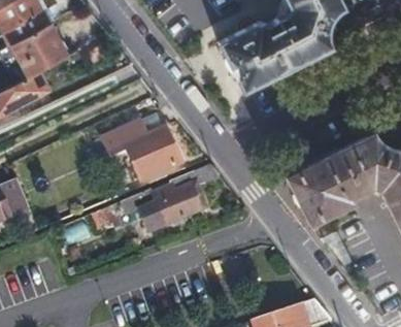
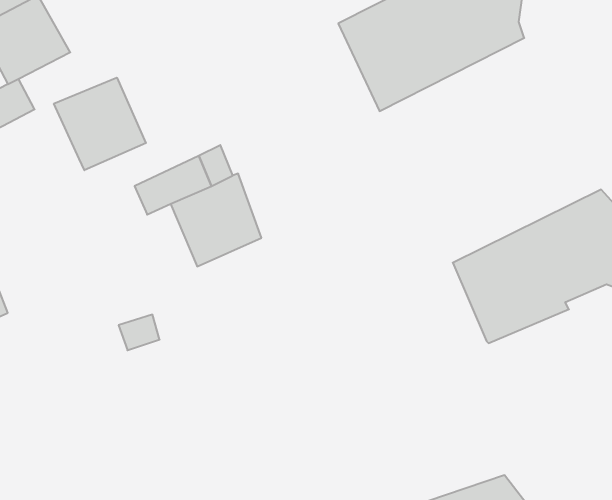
building: none -> [54,78,146,170]
building: [121,165,220,232] -> none

